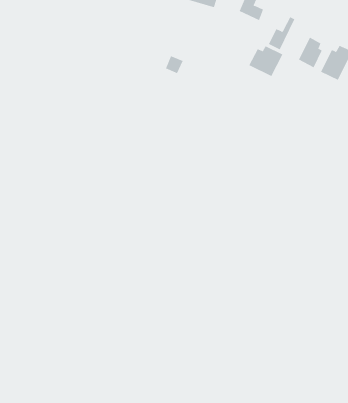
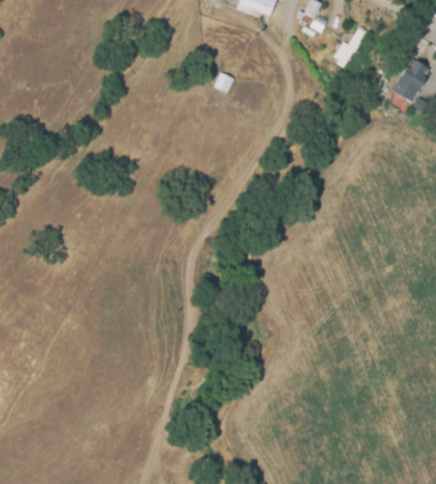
building: [298,37,323,68] -> none
building: [248,45,283,77] -> none

